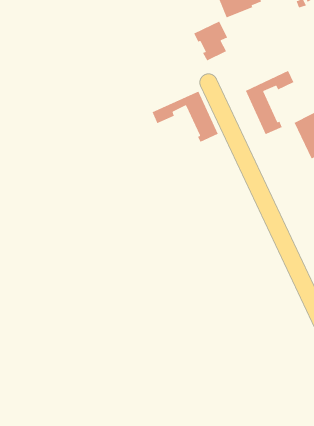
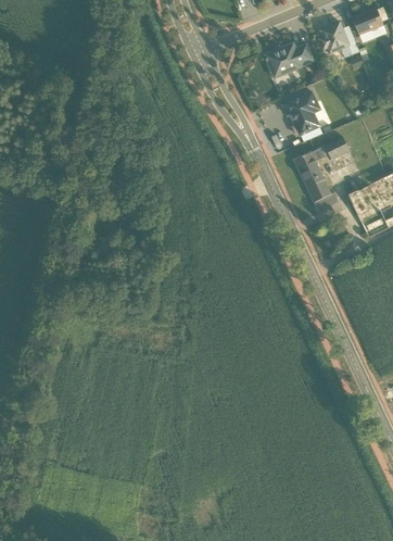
building: [193,20,228,61] -> [282,90,321,136]
building: [151,91,219,143] -> none

